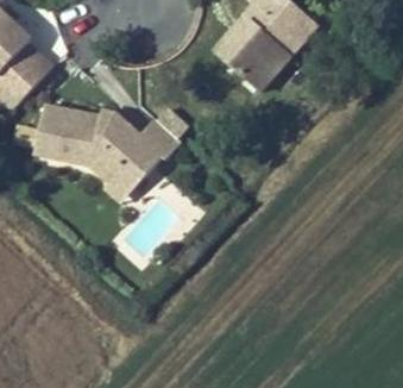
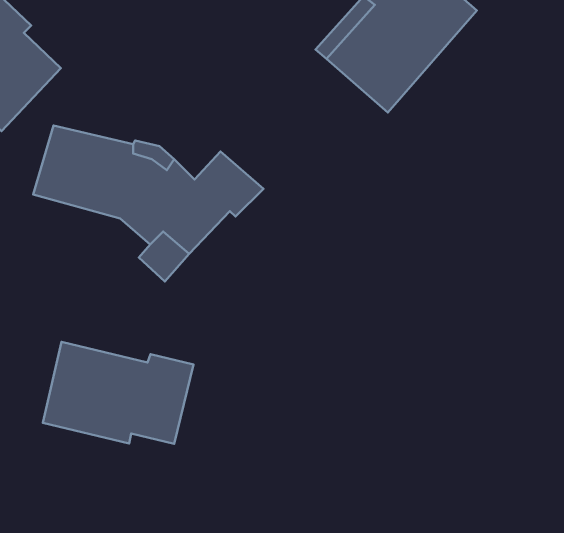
building: none -> [43,342,194,444]

